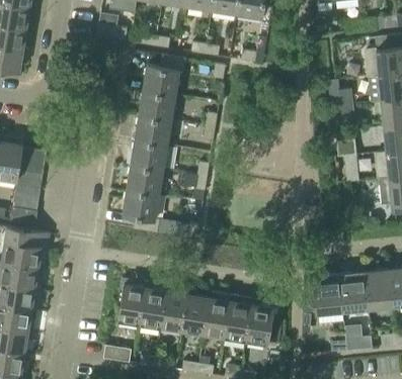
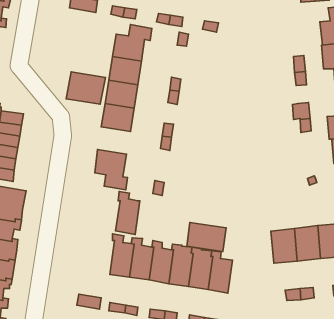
building: none -> [66,72,105,104]
building: [127,166,162,195] -> none
building: none -> [187,223,226,252]
building: [118,278,145,324] -> [115,191,140,235]

